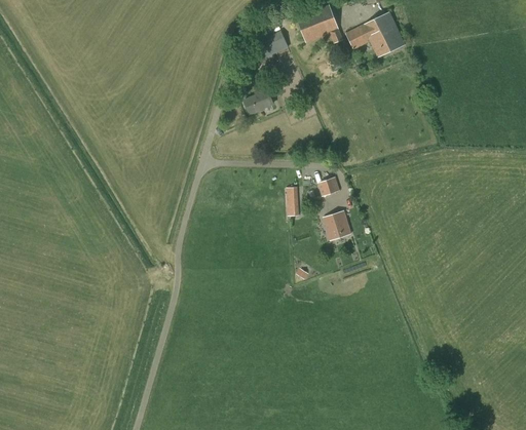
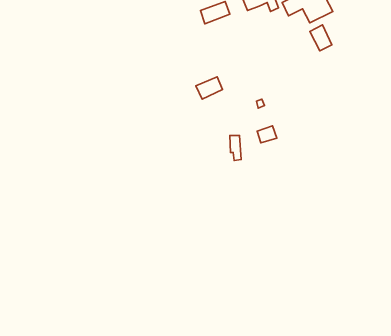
building: none -> [310,25,332,51]
building: [242,88,273,114] -> [196,77,222,99]
building: [323,210,351,239] -> none

